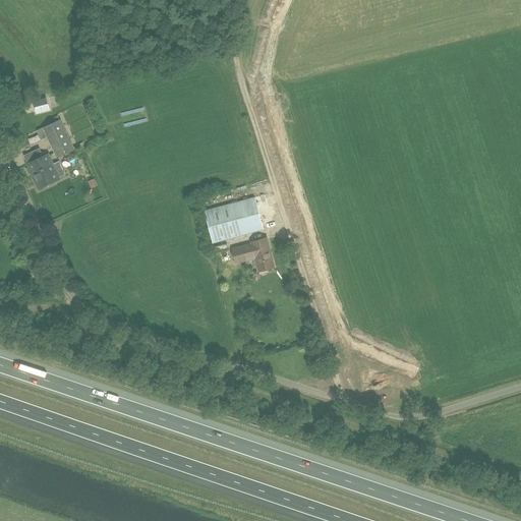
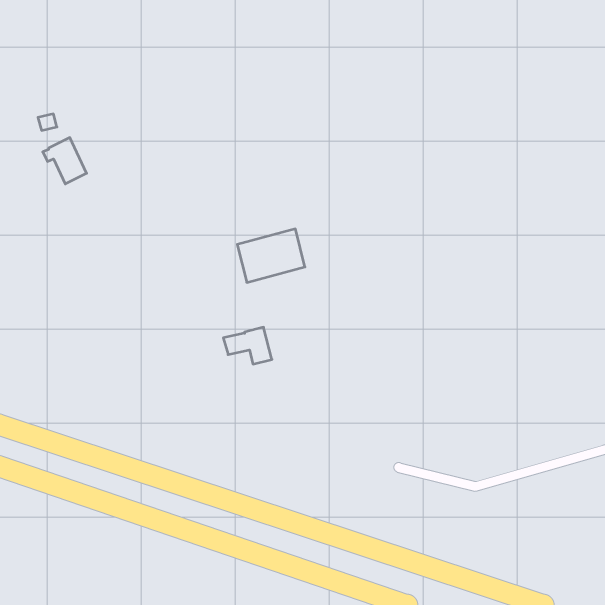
building: [23,150,65,188] -> none
building: [232,238,274,270] -> [223,327,272,364]

